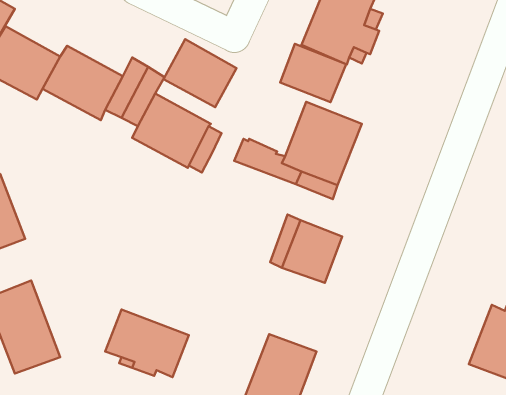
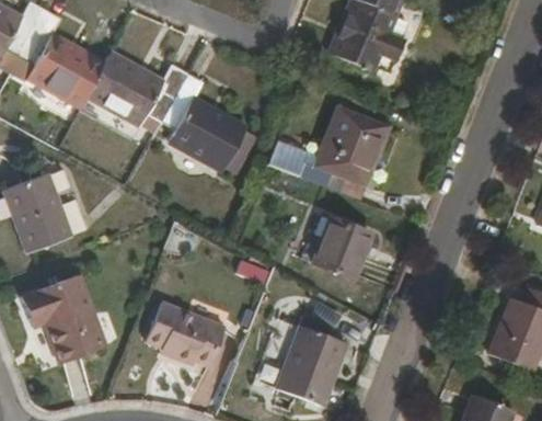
building: [164,39,236,107] -> none
building: [280,44,346,102] -> none

